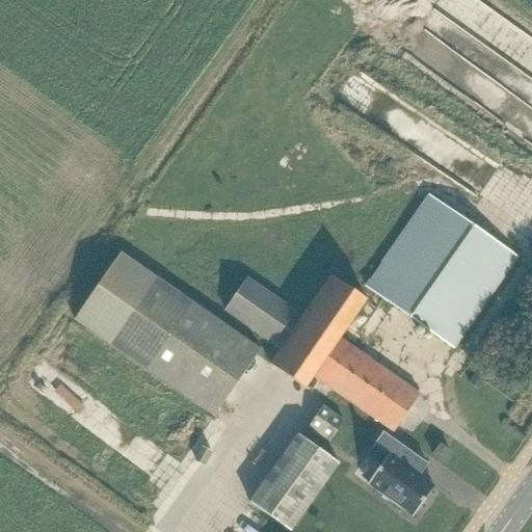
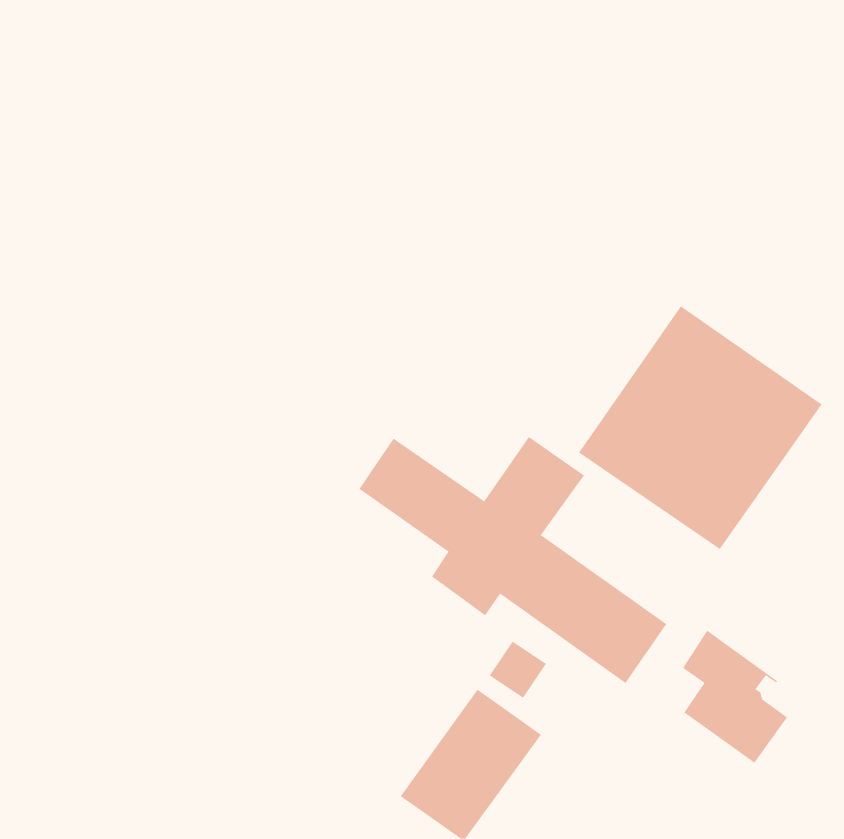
building: [76,249,261,415] -> none
building: [367,430,433,514] -> [682,630,788,764]

